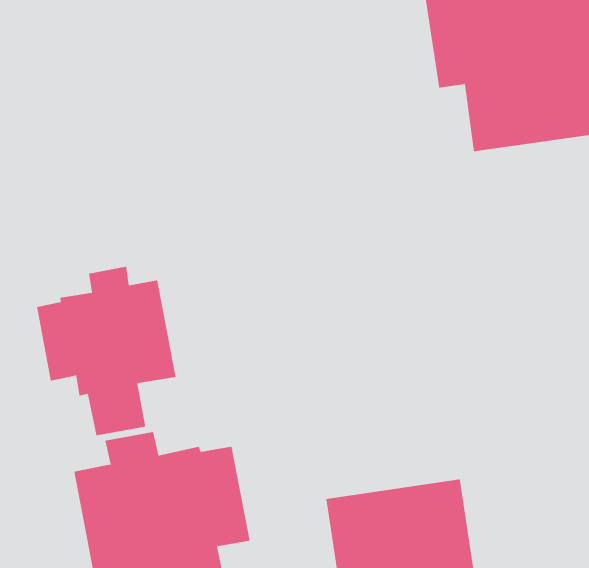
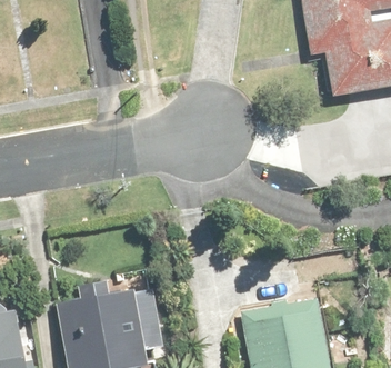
building: [36,266,176,436] -> none

